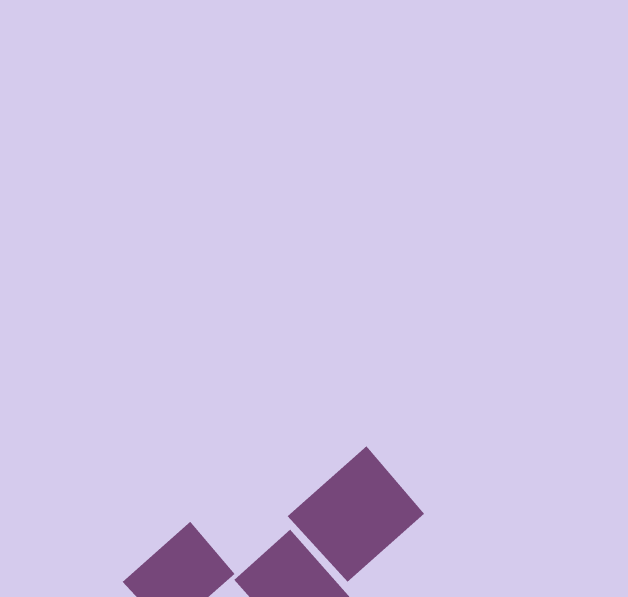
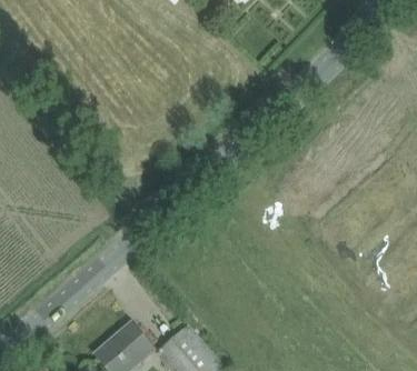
building: [287,446,425,583] -> none

